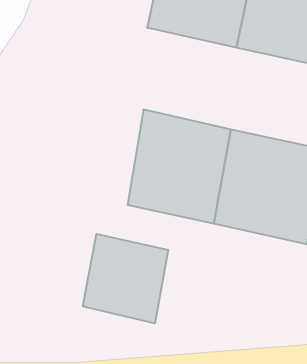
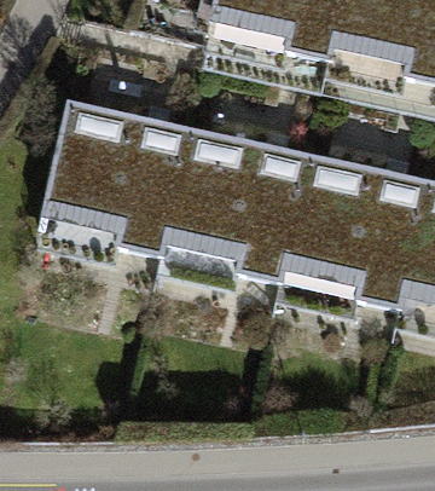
building: none -> [65,117,205,264]
building: [83,234,168,323] -> none

